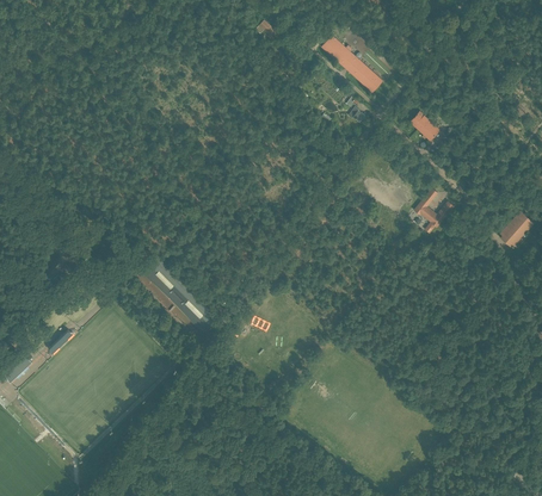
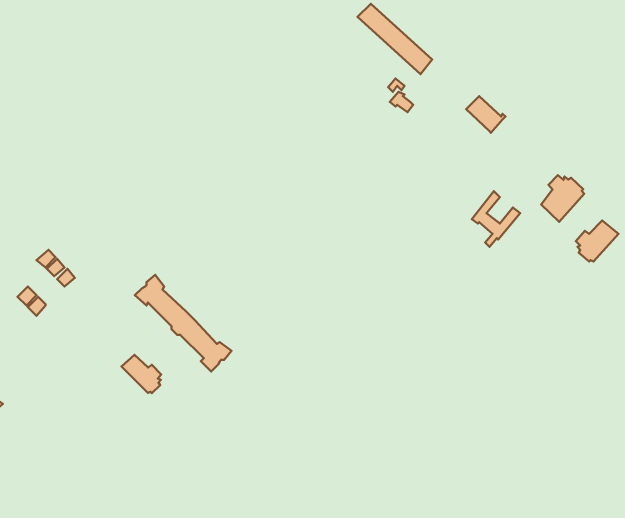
building: none -> [541,175,584,222]
building: none -> [122,355,161,393]

